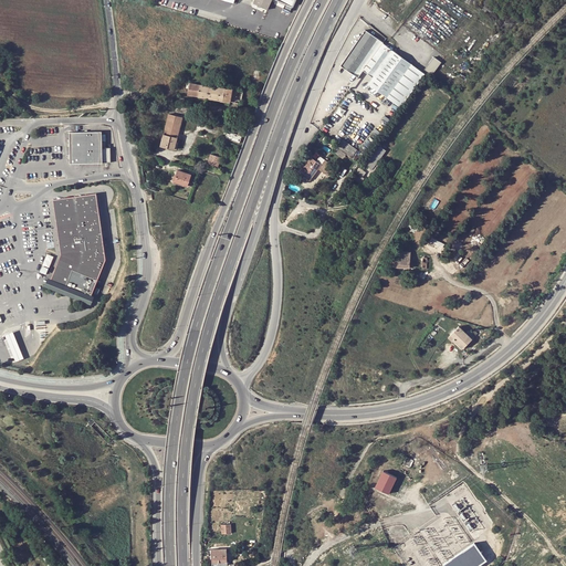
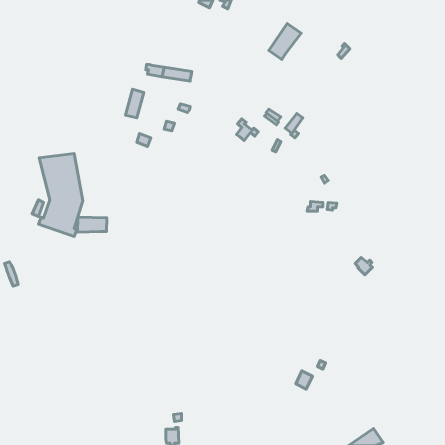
building: [361,43,426,105] -> none
building: [69,132,102,164] -> none
building: none -> [78,217,107,232]

